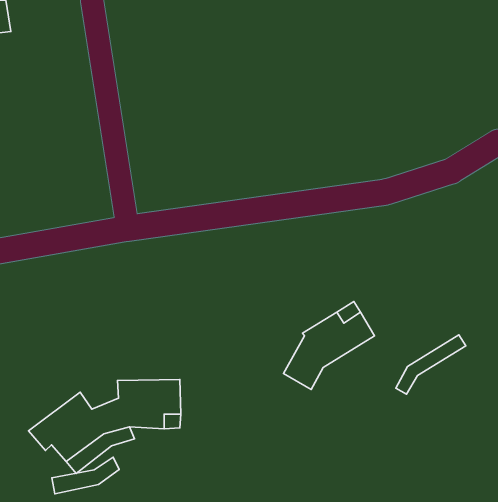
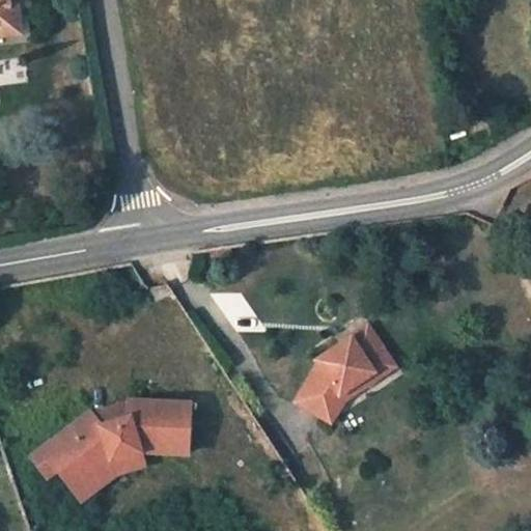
building: [396,335,466,394] -> [327,356,400,418]
building: [52,457,119,494] -> none

